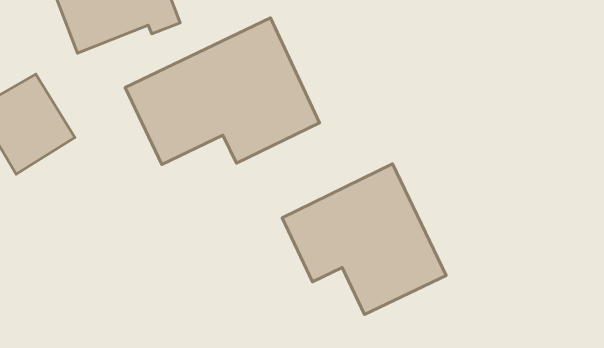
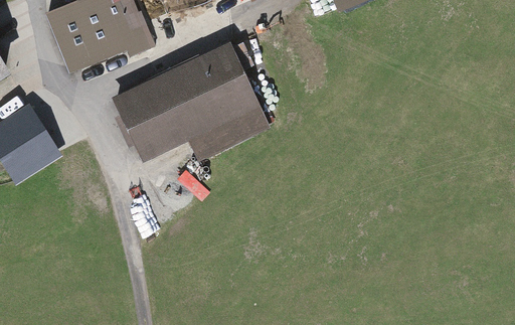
building: [282,164,446,314] -> none

